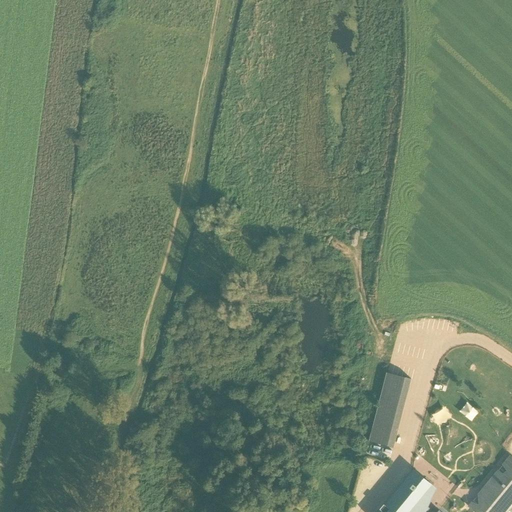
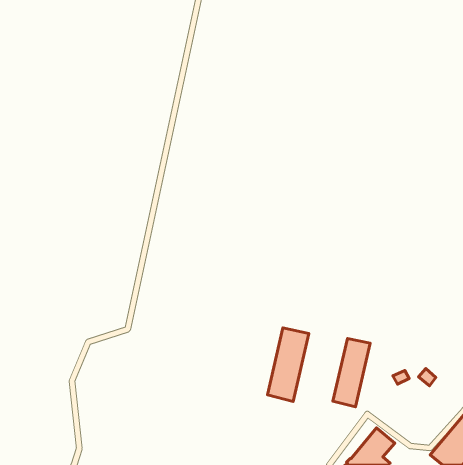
building: none -> [268,328,309,402]

